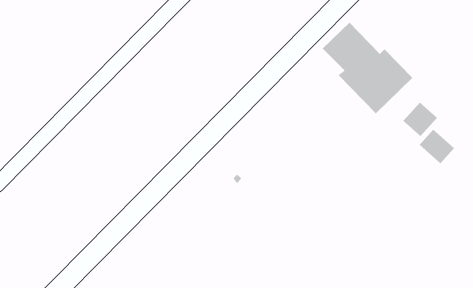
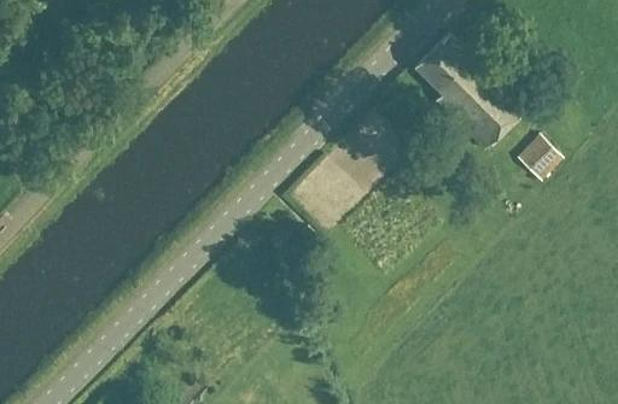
building: [419,129,455,164] -> none

